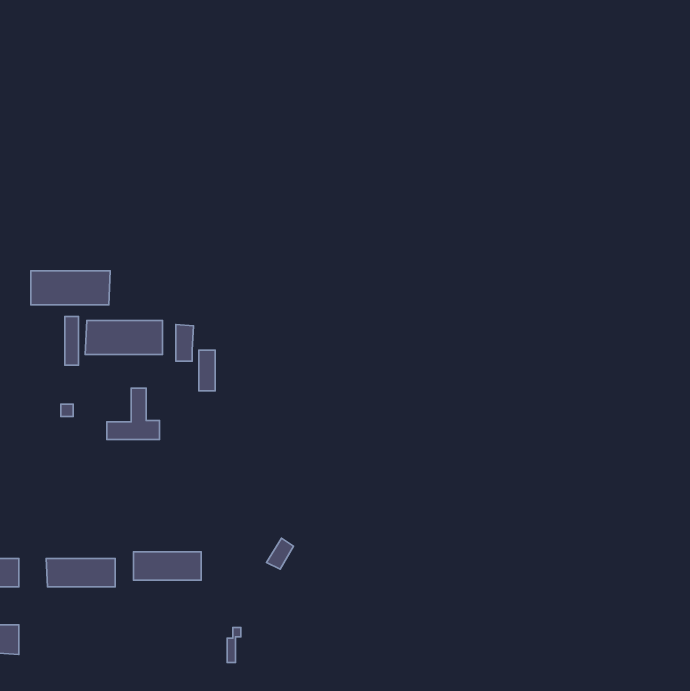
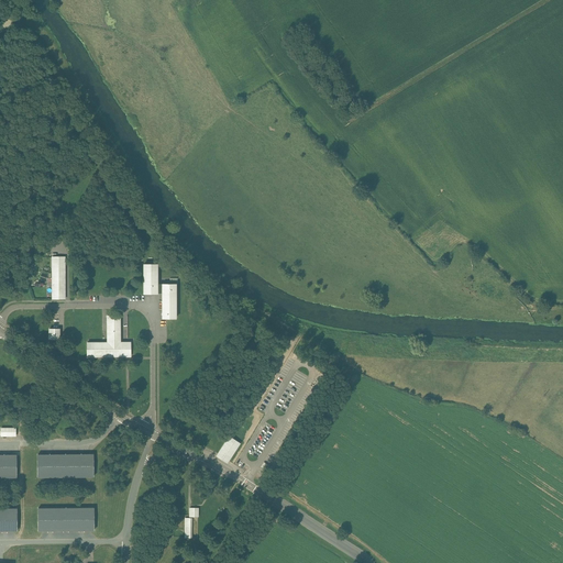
building: [31,271,110,305] -> none
building: [85,321,163,354] -> none
building: [134,552,201,580] -> [38,508,93,531]

